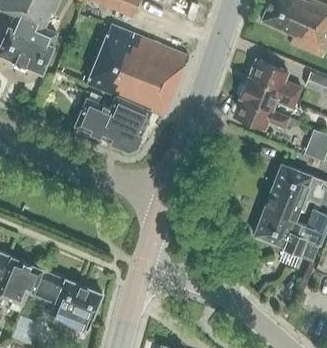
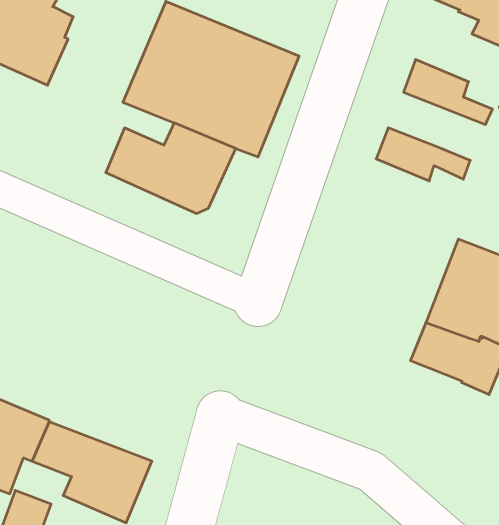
building: [241,78,298,111] -> none

